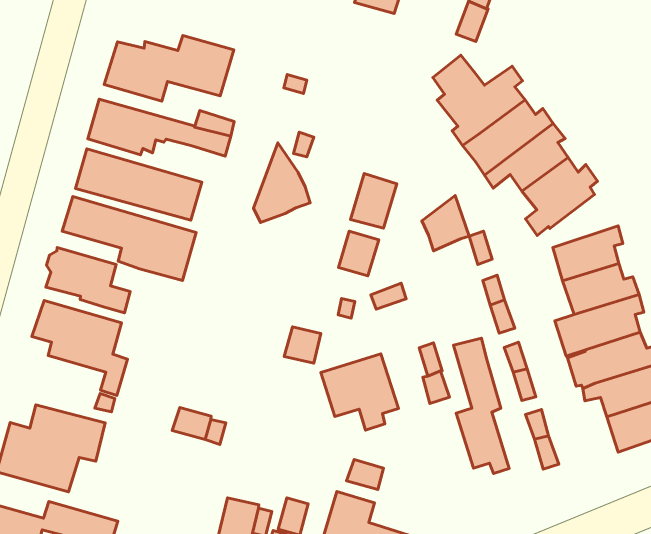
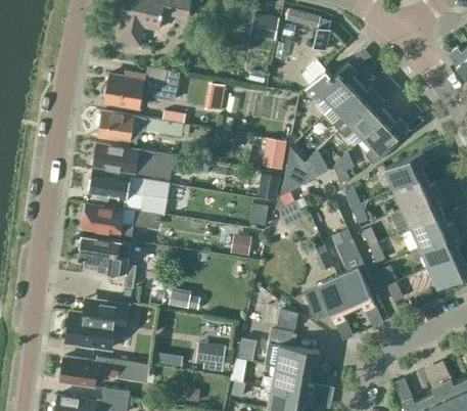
building: [253,143,310,223] -> [280,146,314,195]
building: [321,354,398,430] -> [303,276,353,323]

